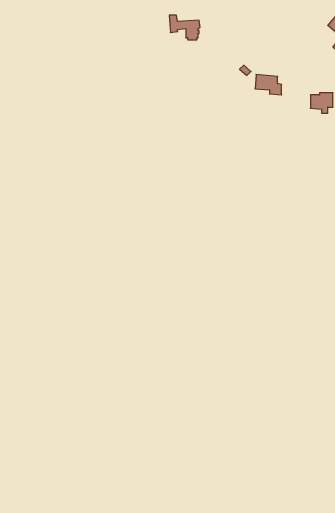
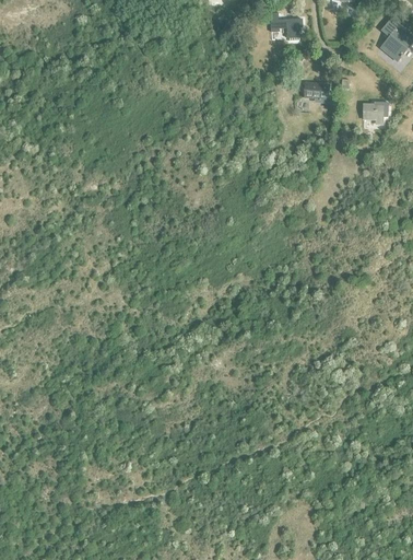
building: [169,15,200,40] -> [269,13,302,39]

